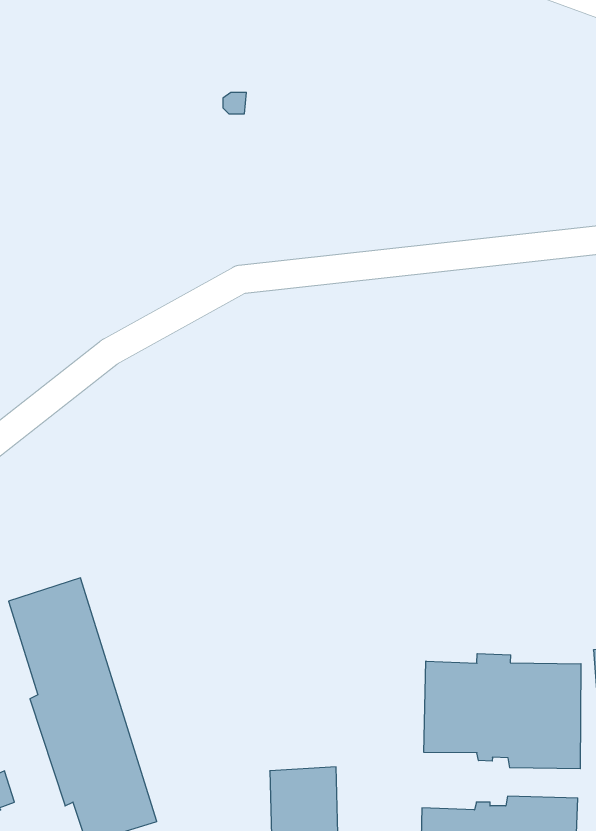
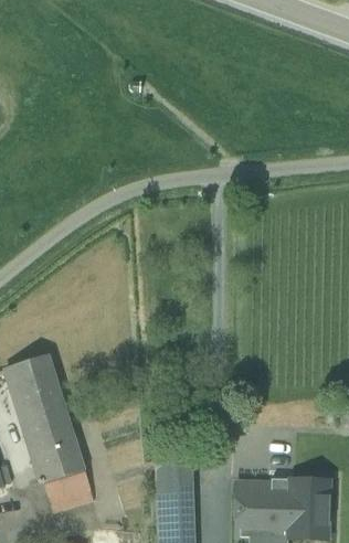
building: [424,654,581,769] -> none

